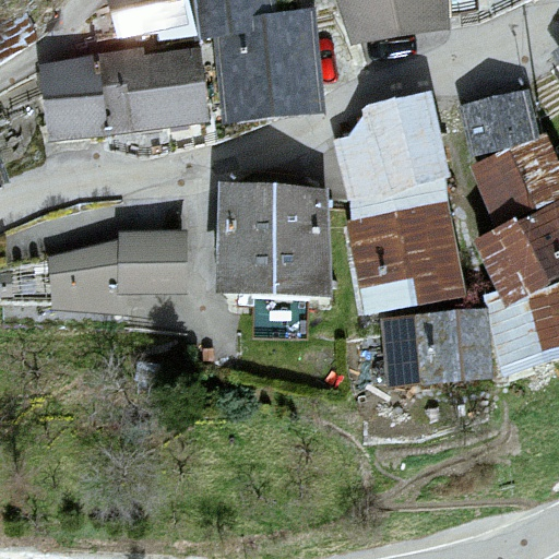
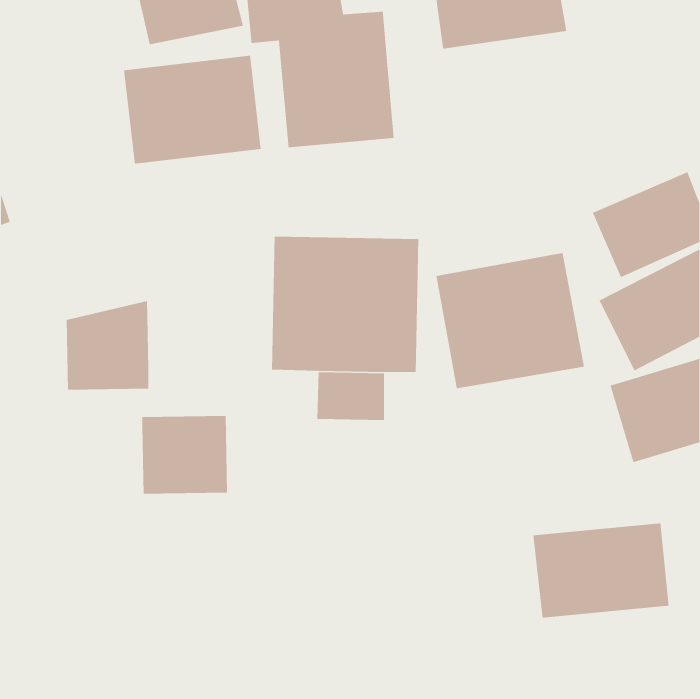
building: [39,56,107,138] -> none
building: [459,91,543,157] -> none
building: [335,92,448,200] -> none
building: [118,230,187,294] -> [141,415,228,495]
building: [380,309,489,385] -> [532,523,669,619]

